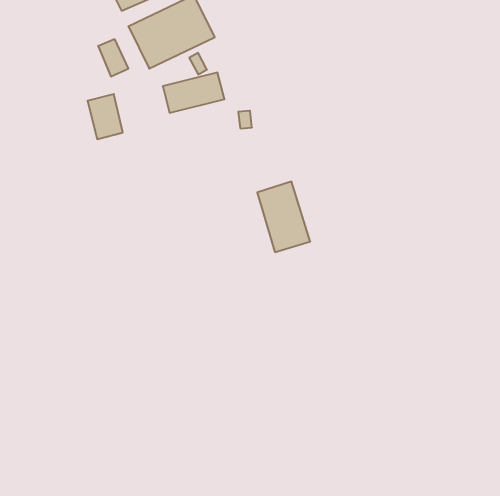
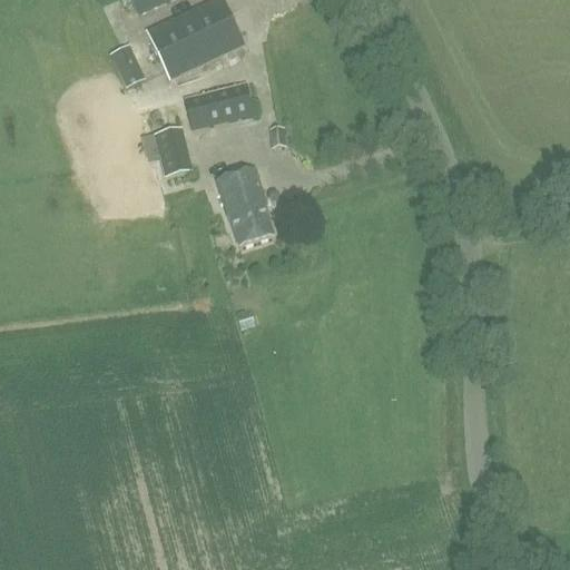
building: [87,94,123,139] -> [153,126,193,177]
building: [257,182,310,252] -> [216,167,276,247]

